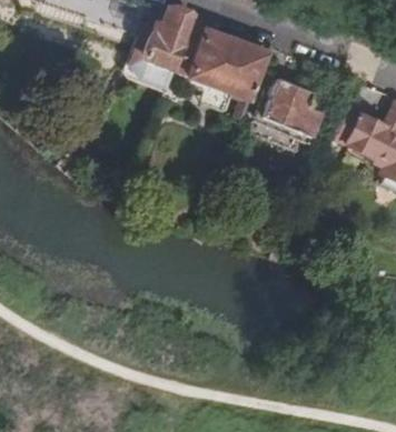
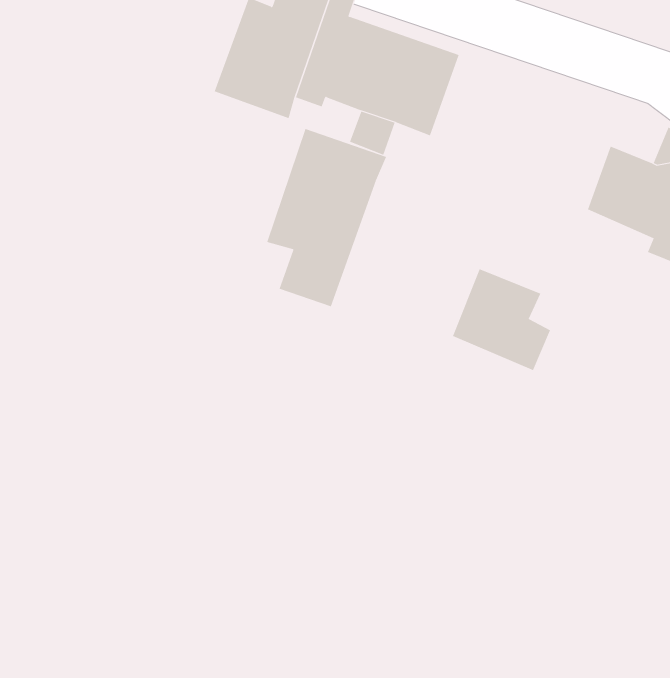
building: [265,77,321,135] -> [452,268,551,371]
building: none -> [267,128,387,307]

